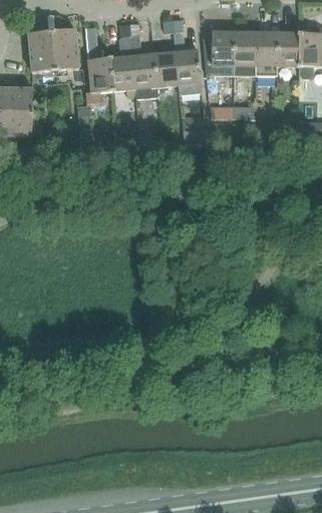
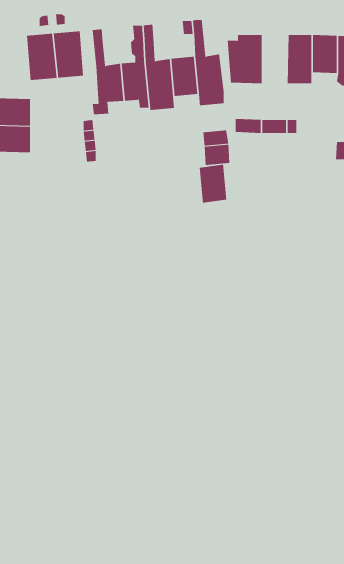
building: [234,32,256,75] -> none
building: none -> [199,164,227,204]

